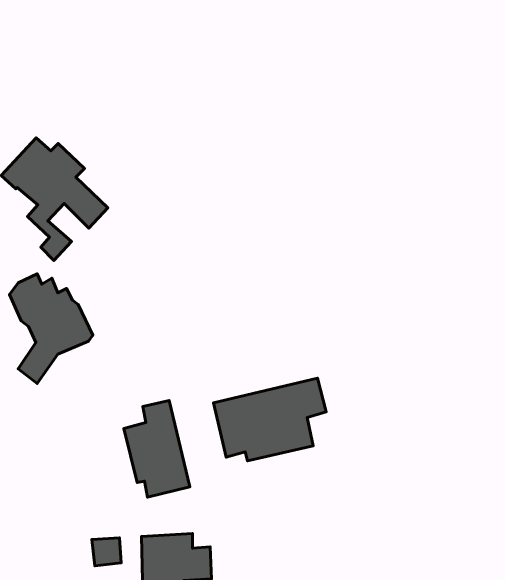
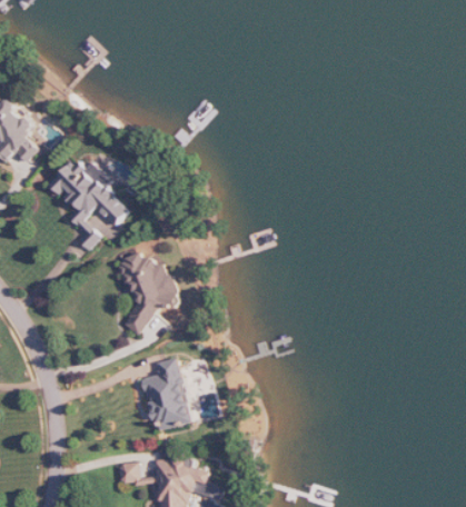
building: [10,274,93,384] -> [116,251,179,335]
building: [214,378,326,461] -> none

